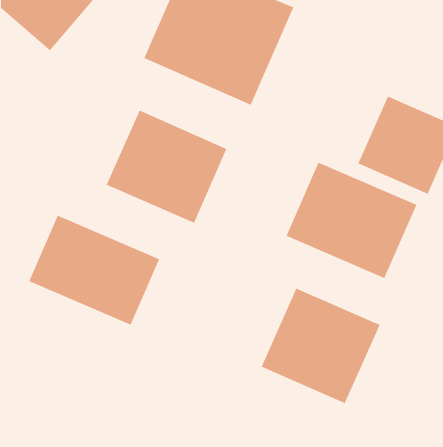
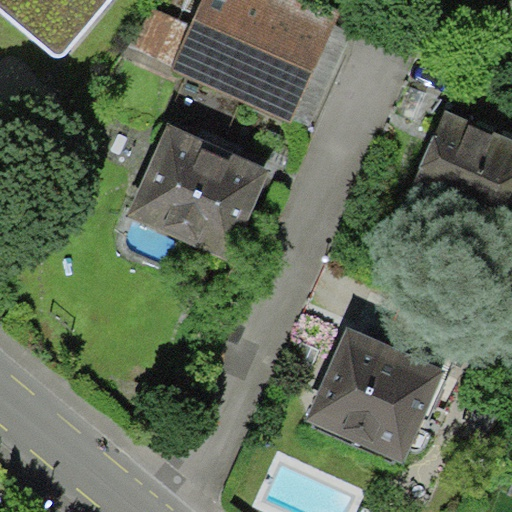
building: [286,162,417,279] -> none
building: [28,215,160,326] -> none

